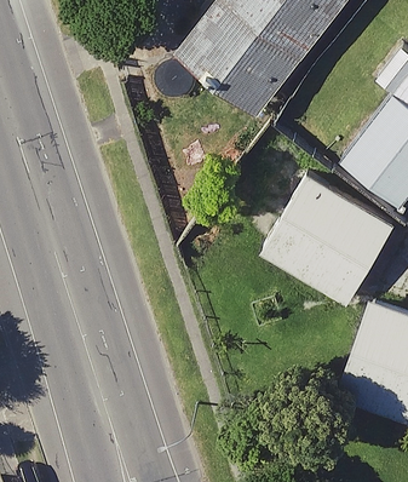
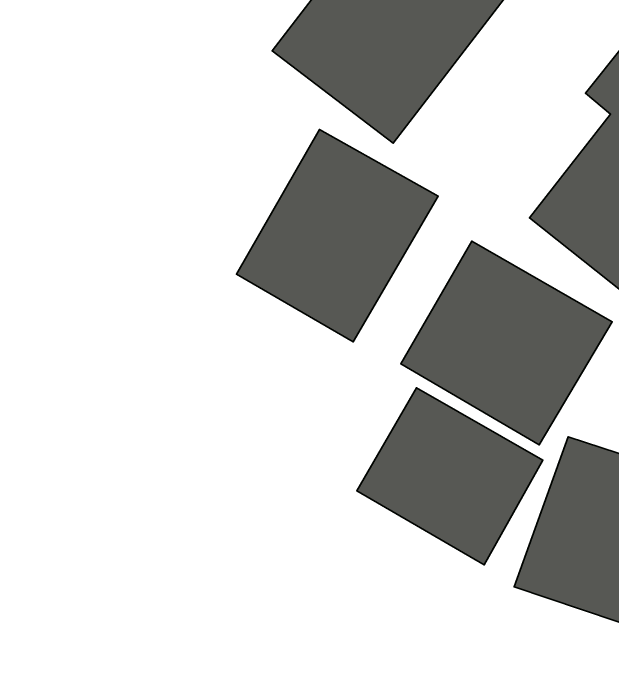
building: none -> [236,130,438,342]
building: none -> [357,388,543,565]

